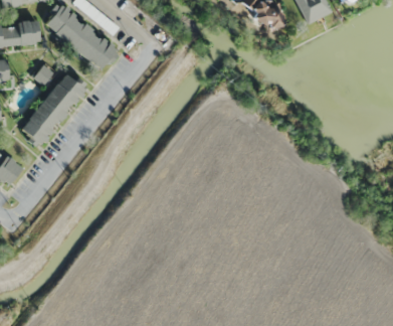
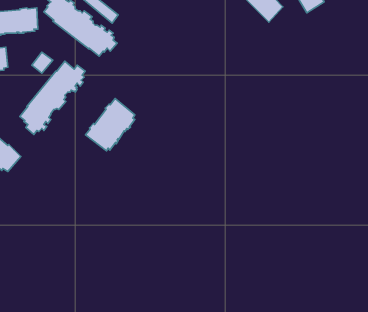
building: none -> [85,99,135,151]

